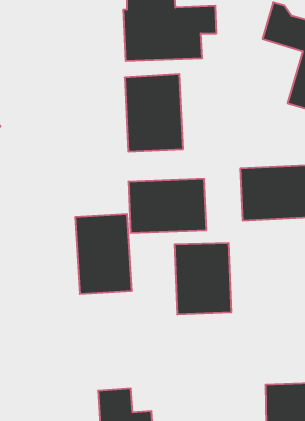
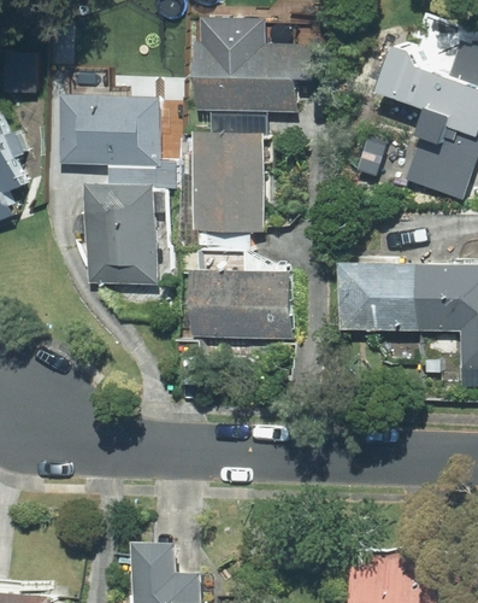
building: none -> [59,95,161,169]
building: [75,214,132,294] -> [85,186,154,287]
building: [175,243,231,315] -> none

